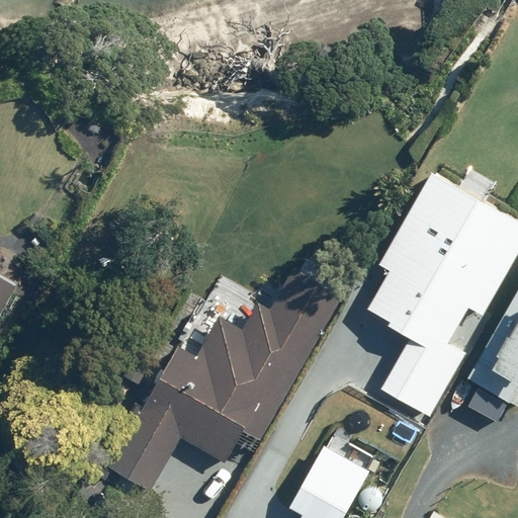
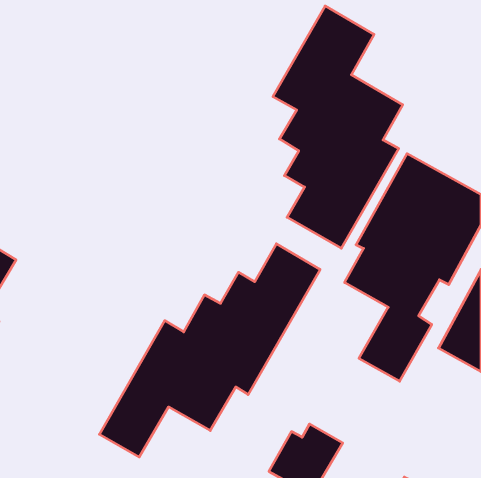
building: none -> [273,6,403,248]

